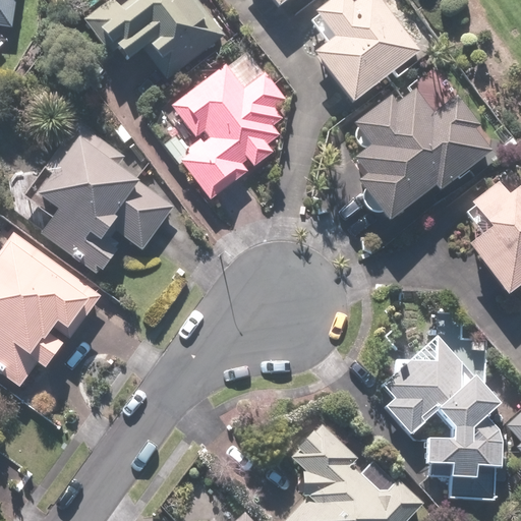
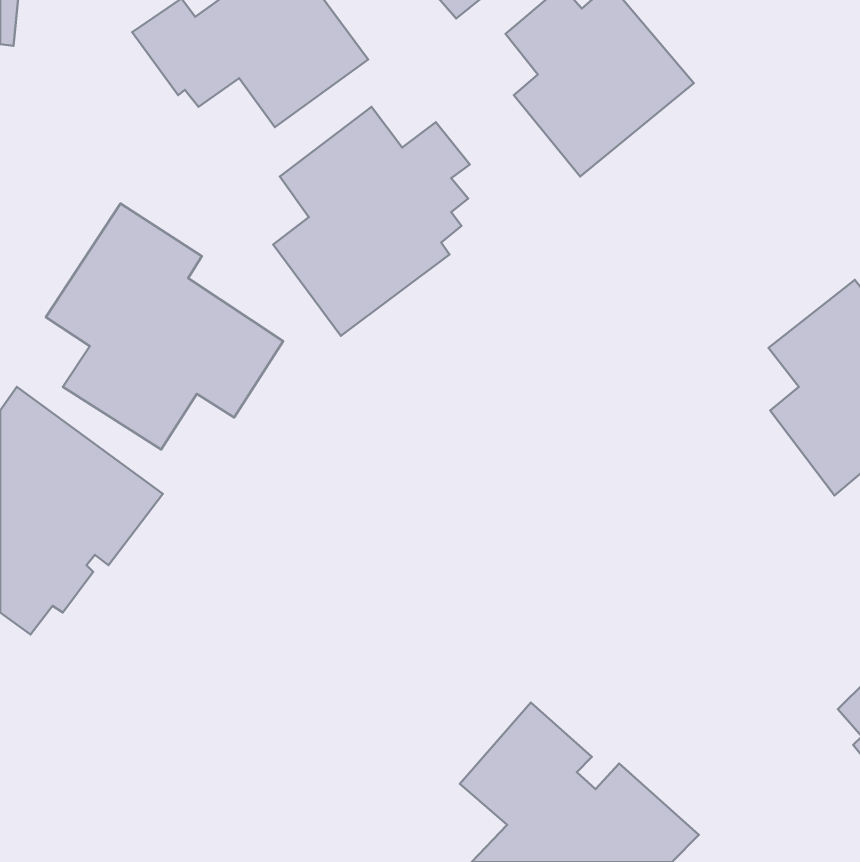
building: [348,88,494,224] -> none
building: [369,330,498,500] -> none

